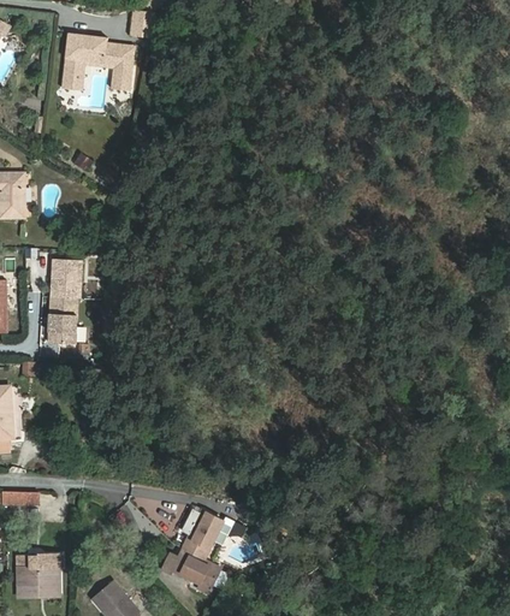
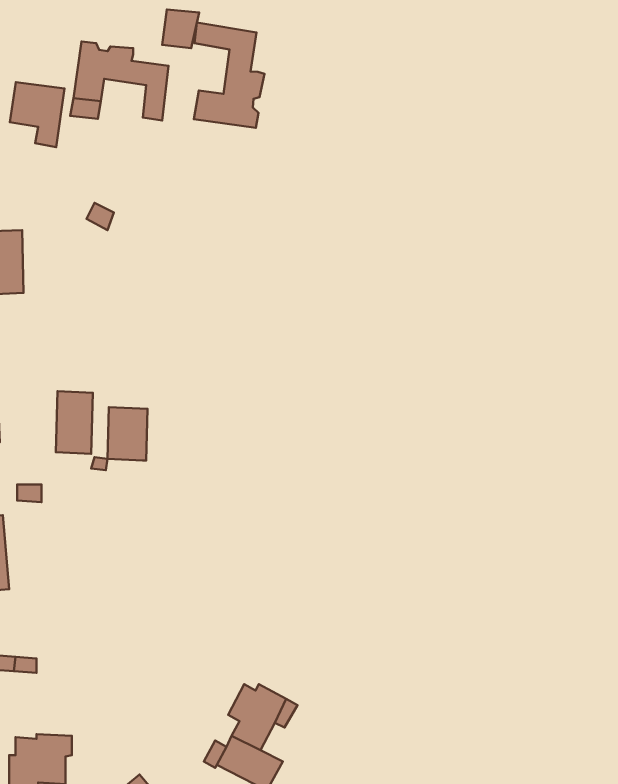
building: none -> [194,23,265,128]
building: none -> [10,82,64,147]
building: [51,255,81,295] -> [107,407,148,460]

